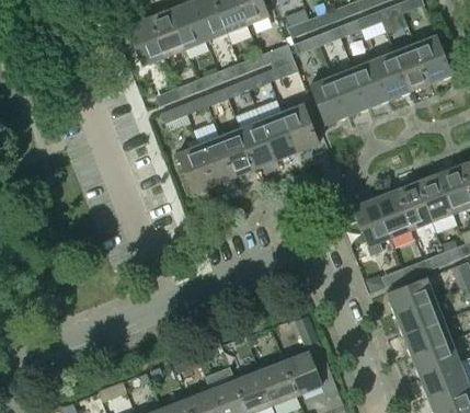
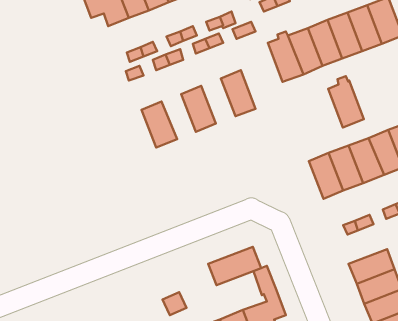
building: [282,99,319,152] -> [328,76,364,127]
building: [240,121,276,168] -> none
building: [198,137,234,184] -> none
building: [387,278,435,314] -> none
building: none -> [208,247,261,285]

